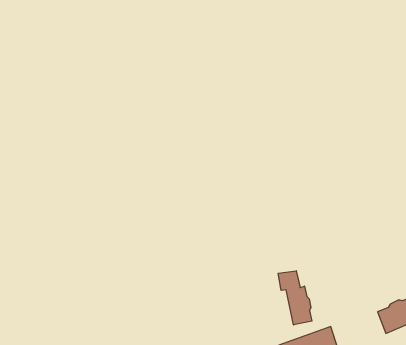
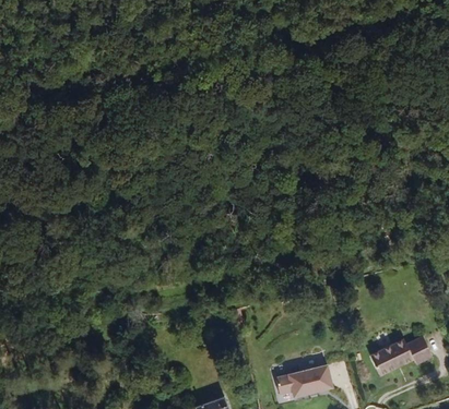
building: [278,271,312,325] -> none

